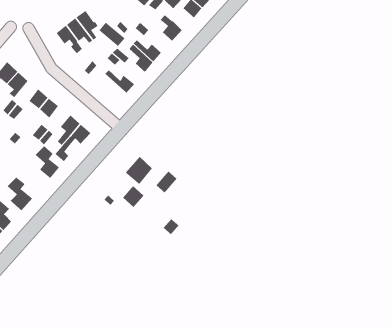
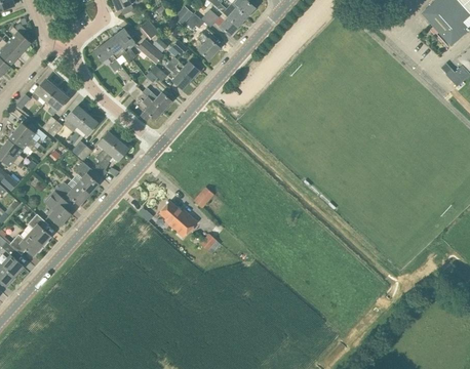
building: none -> [129,86,164,123]
building: [125,156,153,185] -> [169,209,197,238]
building: none -> [55,182,89,206]

